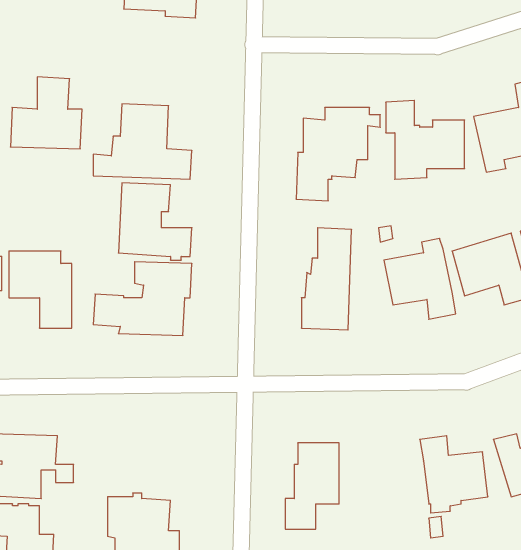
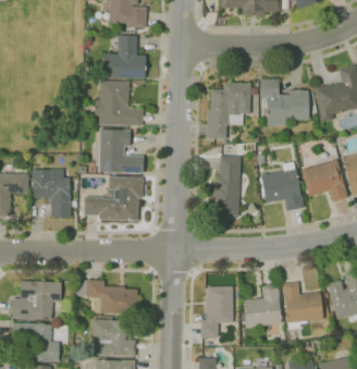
building: [10,77,82,149] -> [102,35,146,78]
building: none -> [75,279,138,315]
building: none -> [243,284,282,328]

